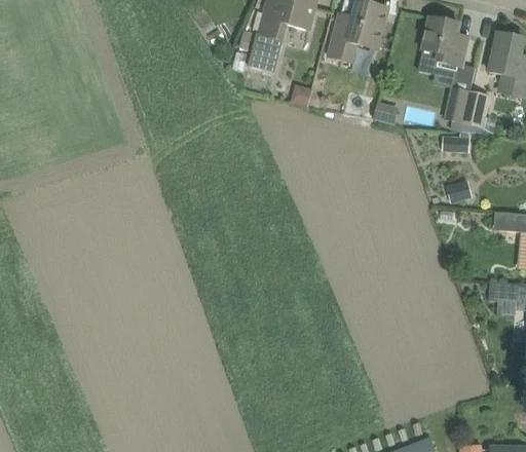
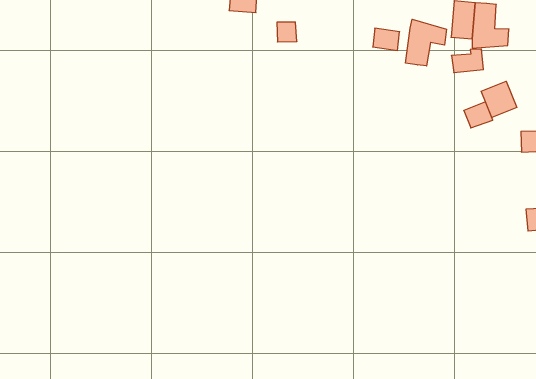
building: none -> [406,19,447,66]
building: none -> [481,81,517,117]

